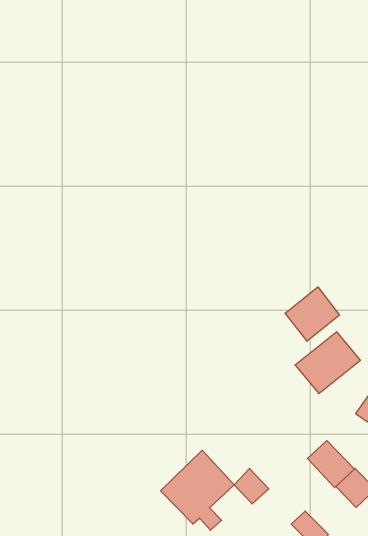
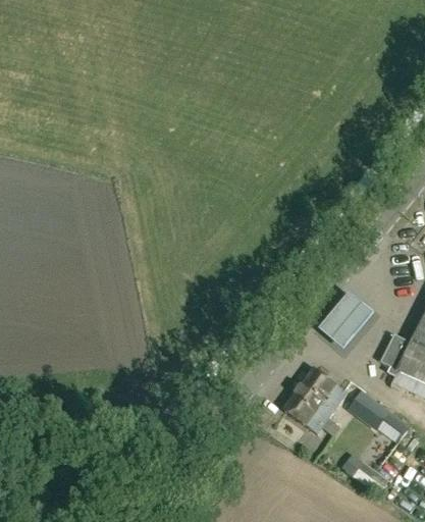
building: [285,287,340,341] -> none
building: [161,450,234,530] -> [282,366,346,434]

